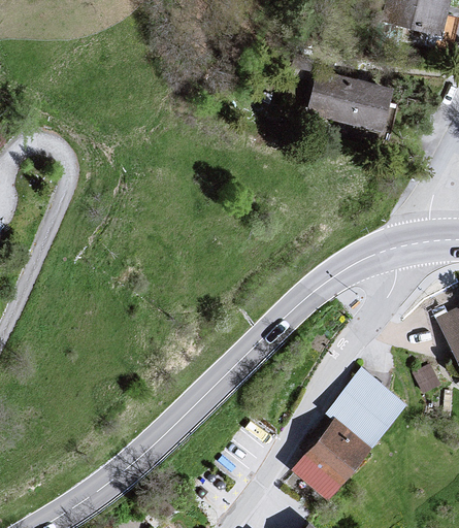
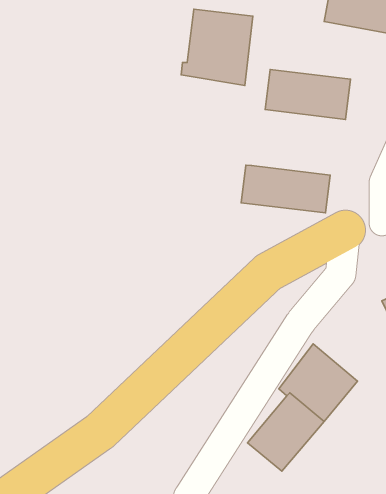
building: none -> [181,9,253,86]
building: none -> [241,165,330,213]

